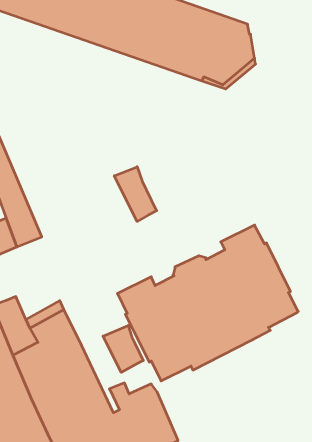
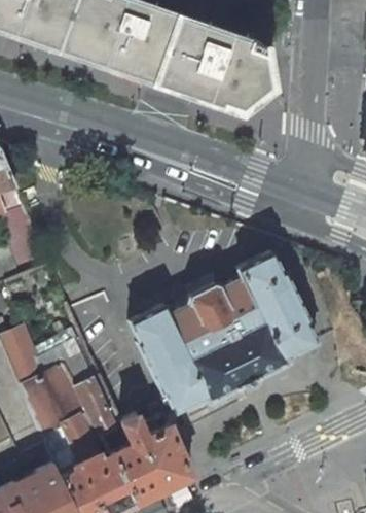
building: [114,167,157,221] -> none
building: [103,325,143,372] -> none

